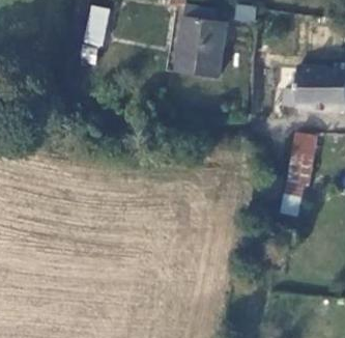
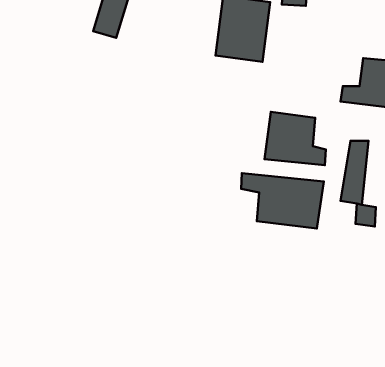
building: none -> [265,112,326,165]
building: none -> [241,173,324,229]

